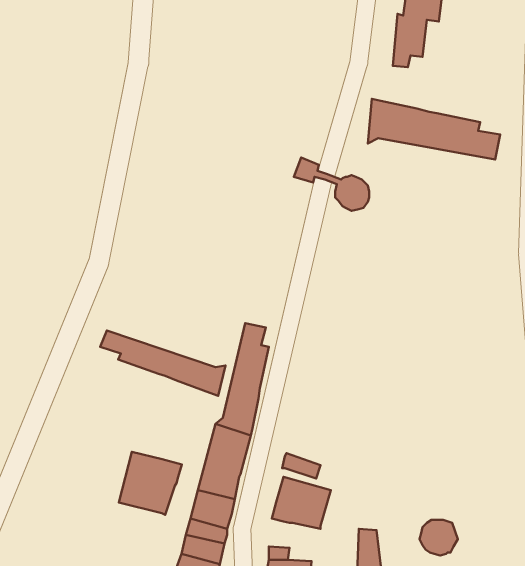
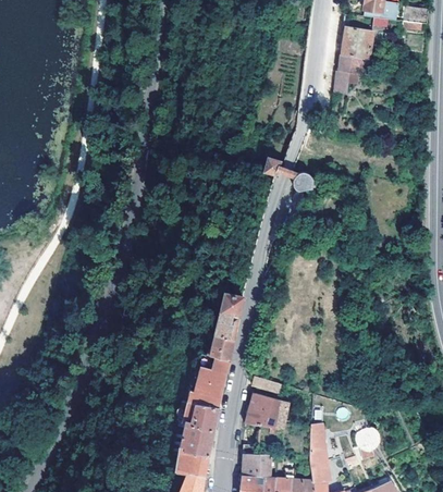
building: [368,99,500,159] -> none
building: [100,330,226,396] -> none
building: [119,452,182,515] -> none

